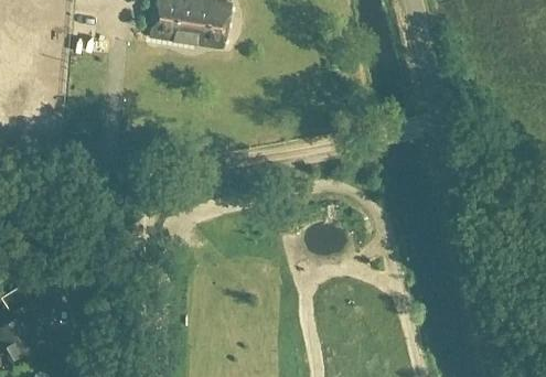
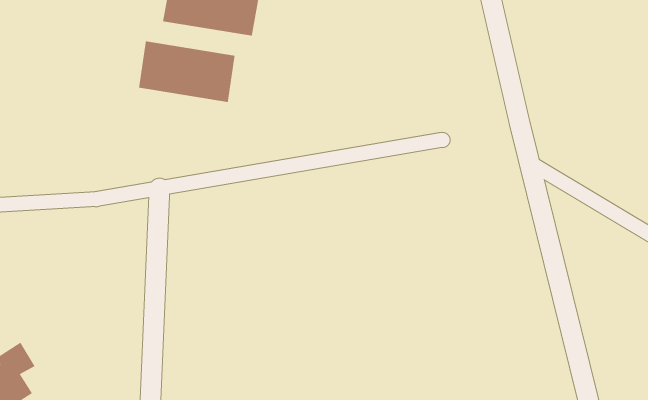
building: none -> [138,40,235,103]

